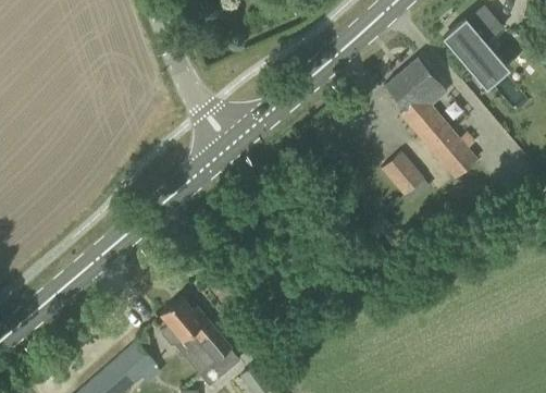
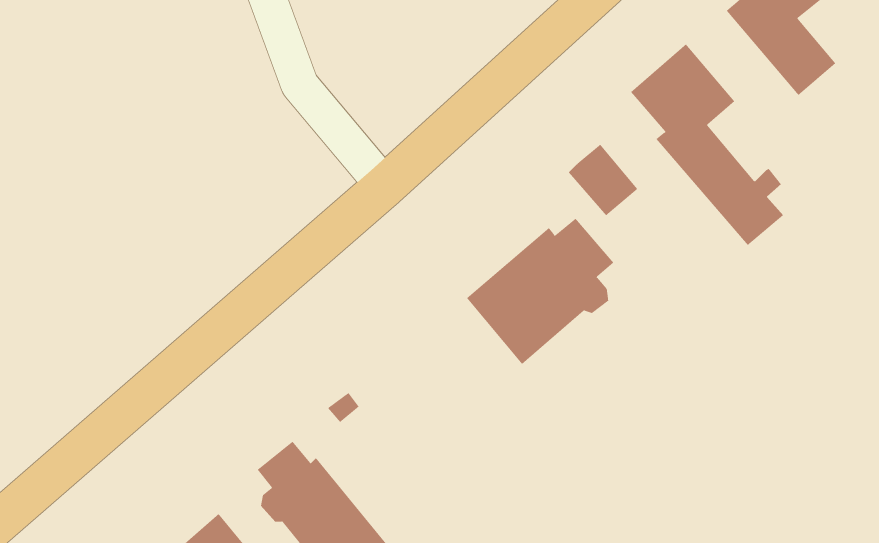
building: [382,152,424,196] -> [568,144,638,216]
building: none -> [466,218,614,365]

